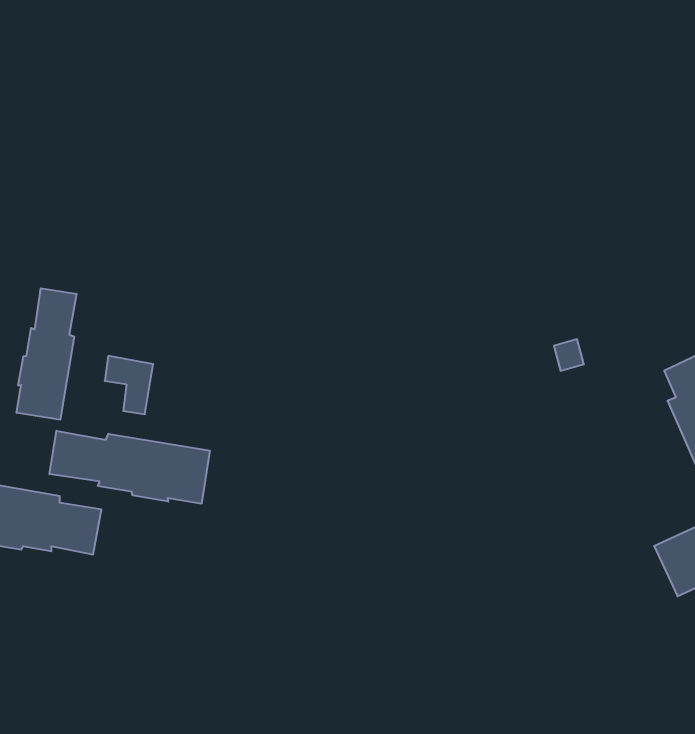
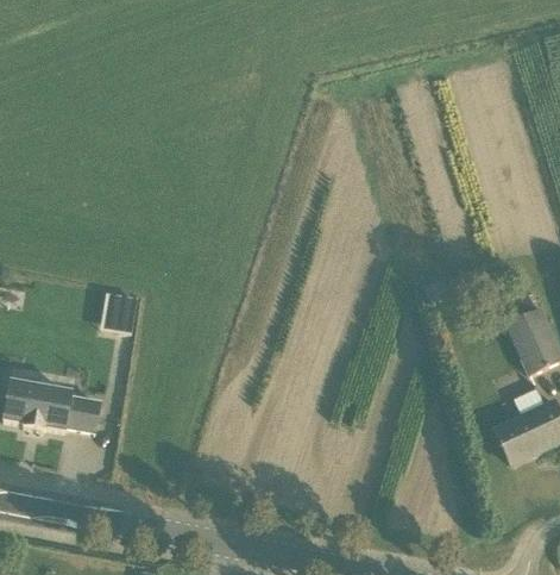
building: [17,288,77,420] -> none
building: [50,431,210,504] -> none

